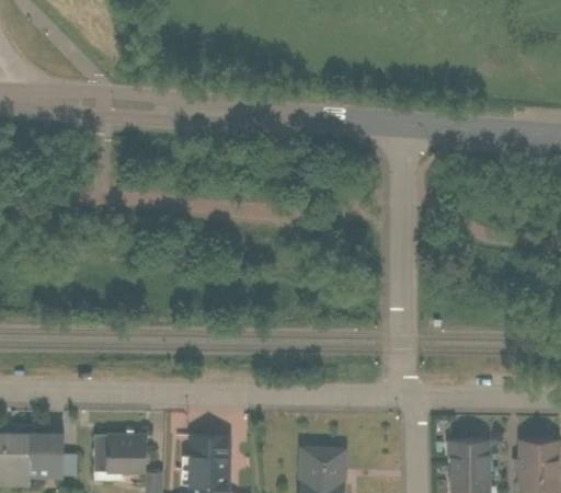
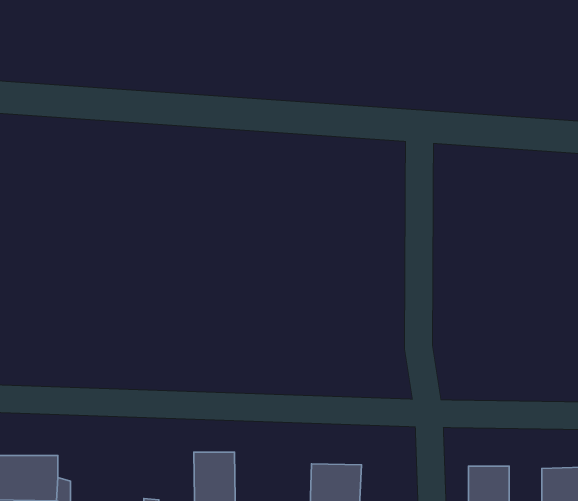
building: [103,438,141,471] -> none

